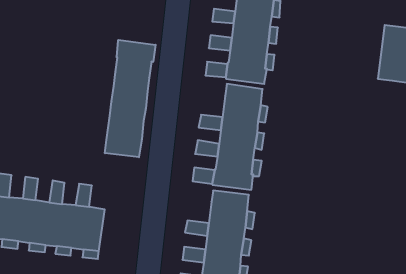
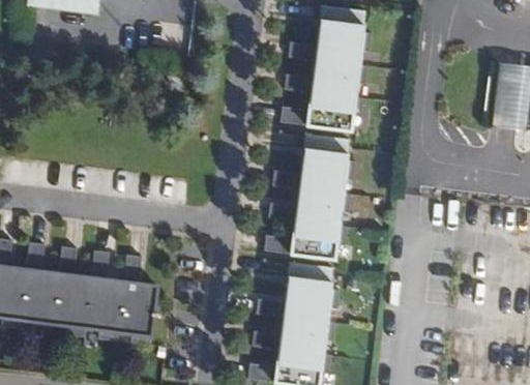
building: [105,40,156,157] -> none

